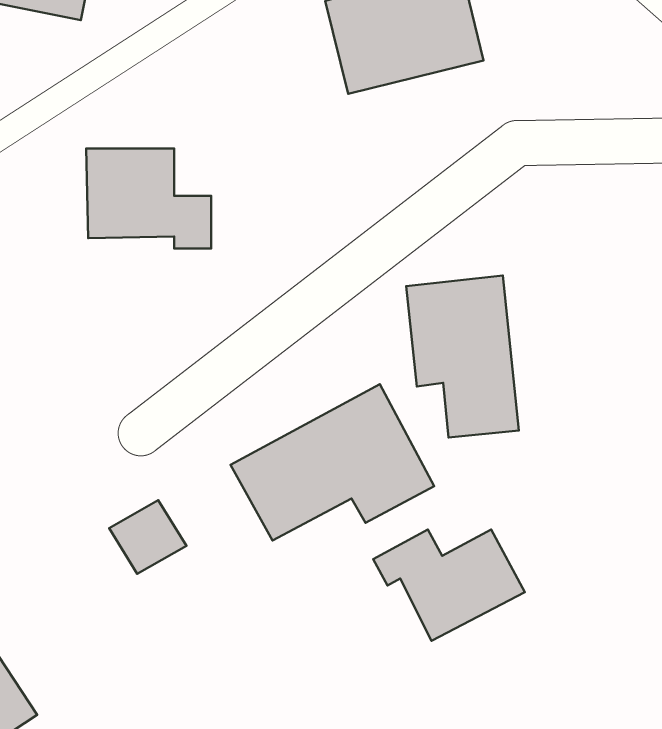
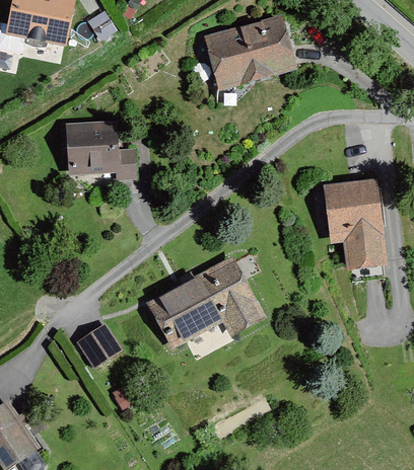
building: [406,276,519,437] -> [322,180,387,273]
building: [373,529,525,641] -> none

